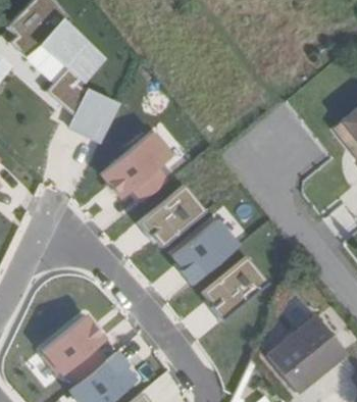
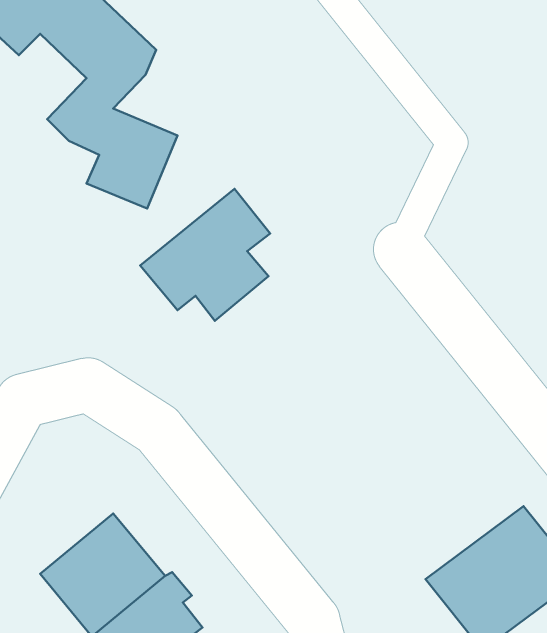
building: [138,189,205,252] -> none
building: [169,218,238,285] -> none
building: [198,255,269,322] -> none

